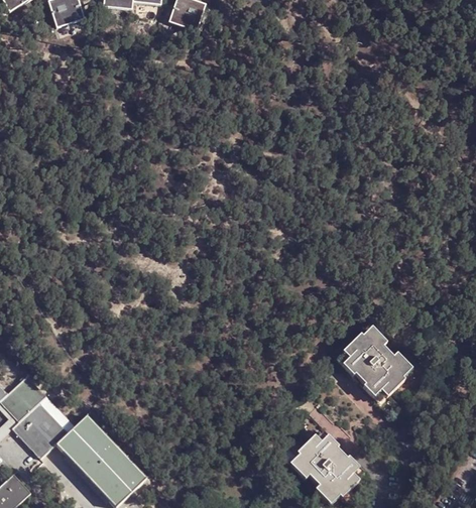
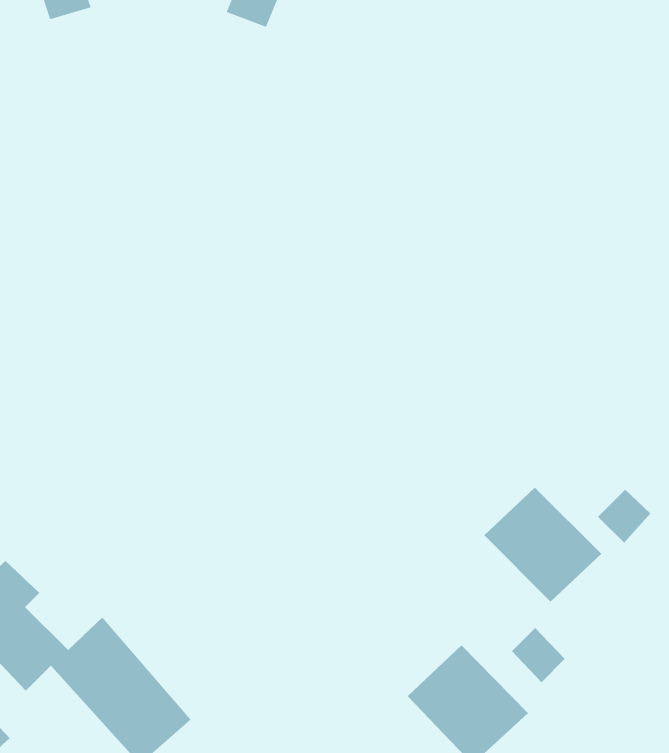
building: none -> [597,489,651,544]
building: none -> [511,627,566,683]

